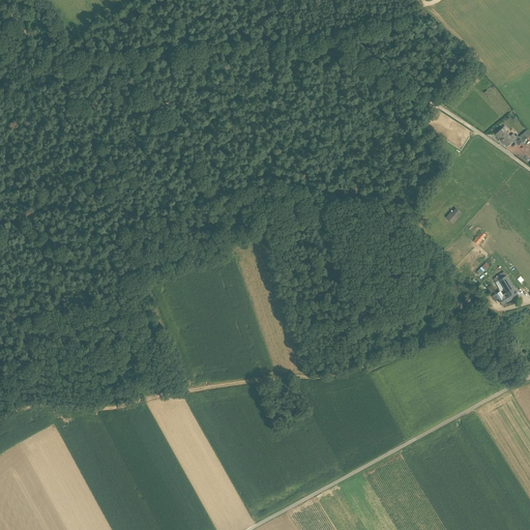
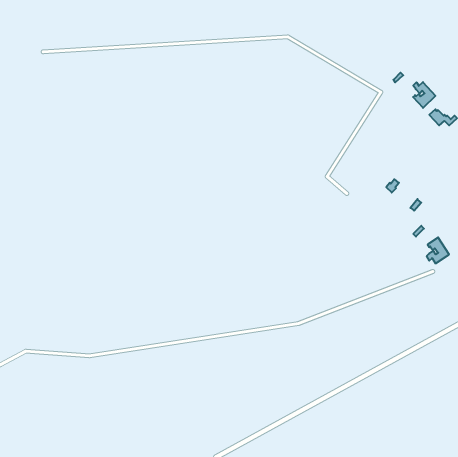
building: none -> [413,82,435,108]

